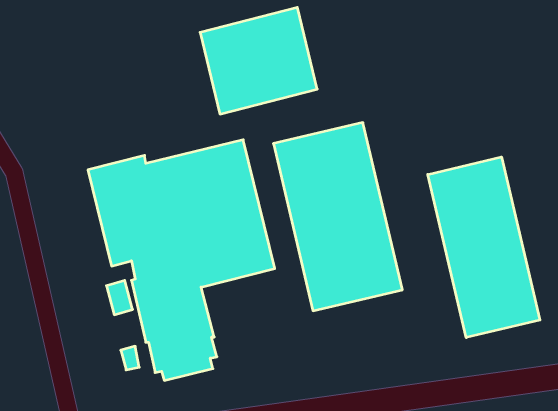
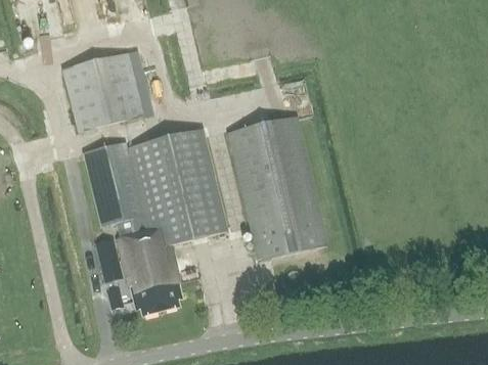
building: [200,7,317,114] -> [62,49,153,132]
building: [428,157,540,338] -> none

